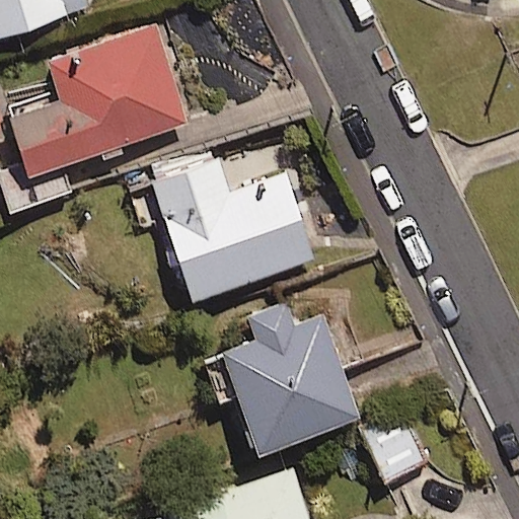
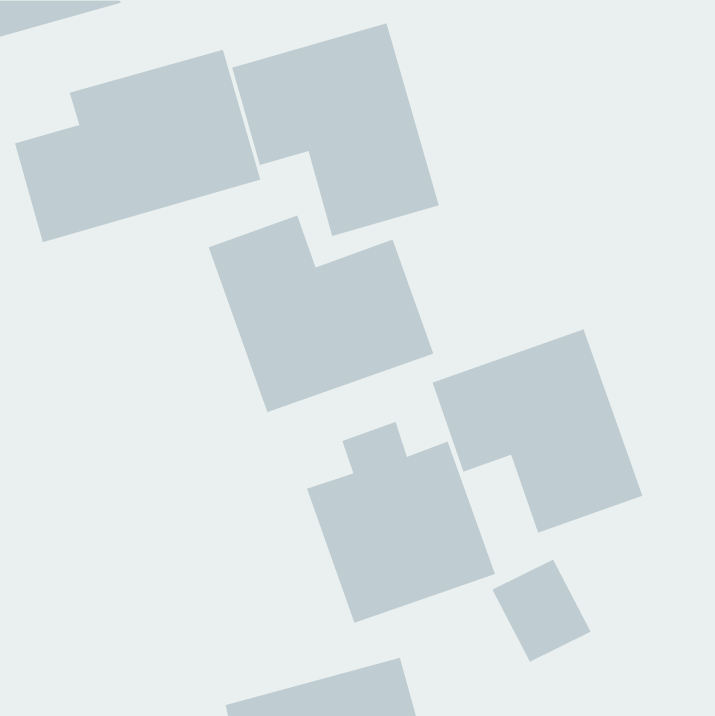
building: none -> [231,23,440,237]
building: none -> [432,329,643,534]

